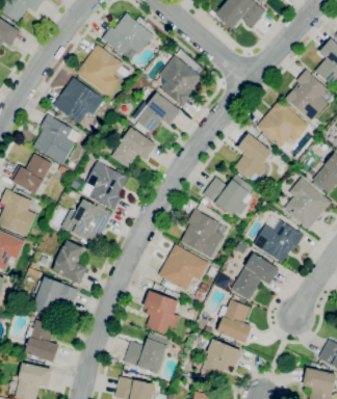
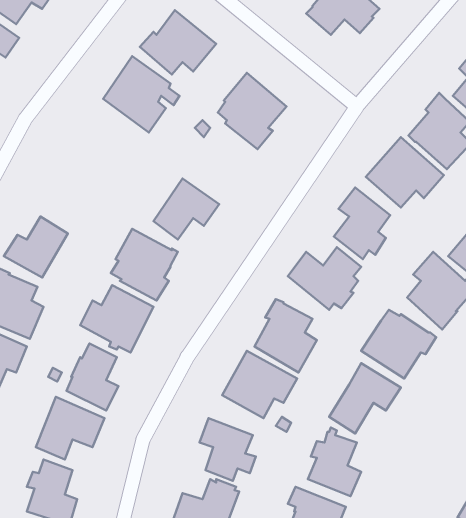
building: [53,77,104,125] -> none
building: [135,92,181,134] -> none
building: [33,115,80,164] -> none

